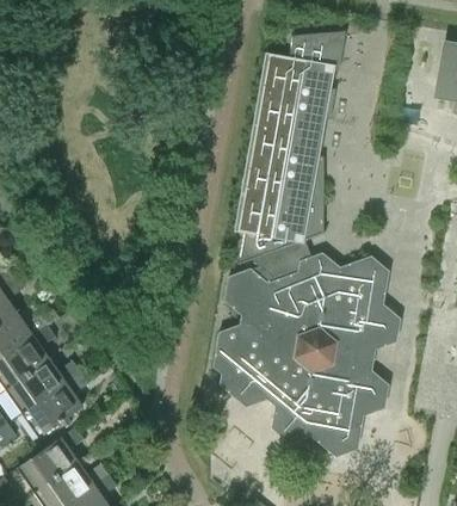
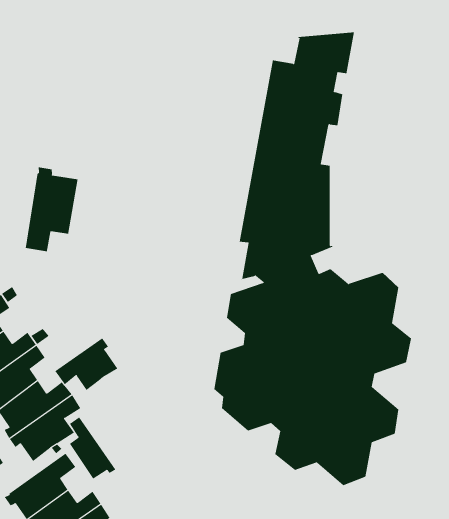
building: none -> [25,166,78,252]
building: none -> [54,337,118,391]
building: none -> [69,416,116,480]

